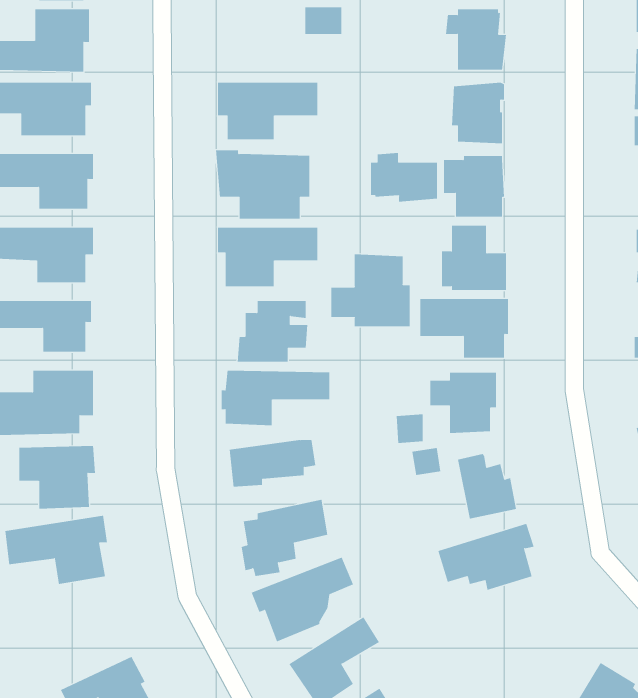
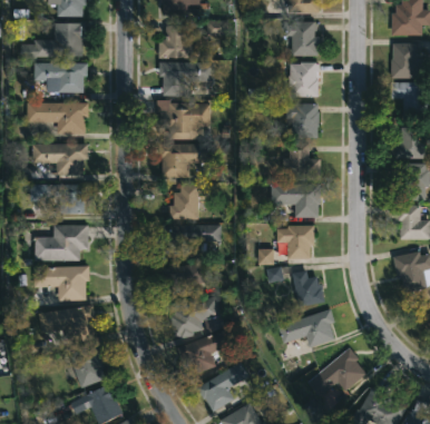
building: none -> [163,24,193,58]
building: [371,152,437,202] -> none
building: [331,253,410,327] -> none
building: none -> [69,345,105,387]
building: none -> [307,347,367,397]

